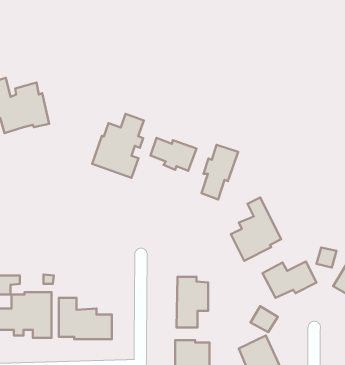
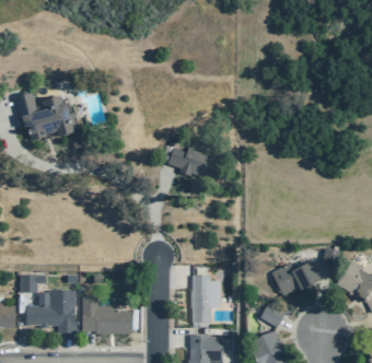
building: [92,114,144,178] -> none
building: [202,145,238,199] -> none
building: [231,197,281,261] -> none

